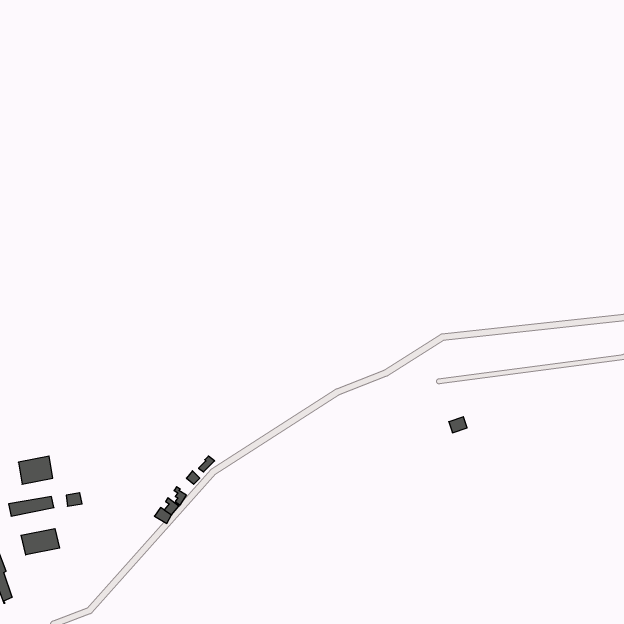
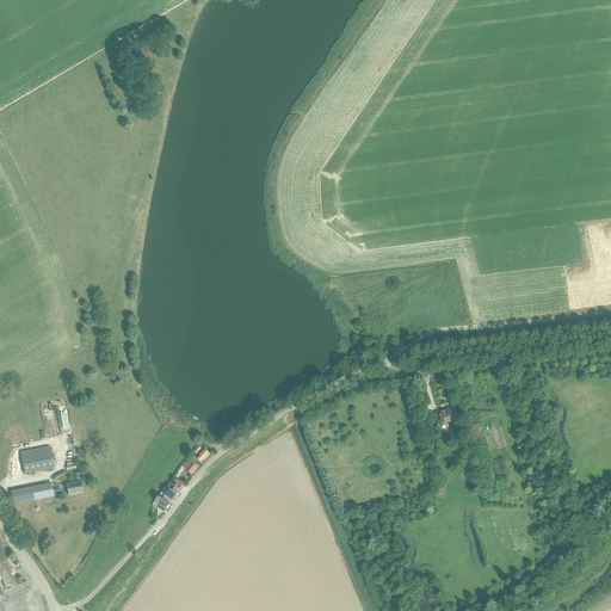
building: [21,529,60,555] -> none

